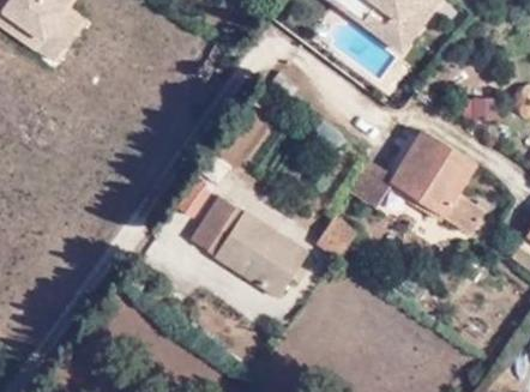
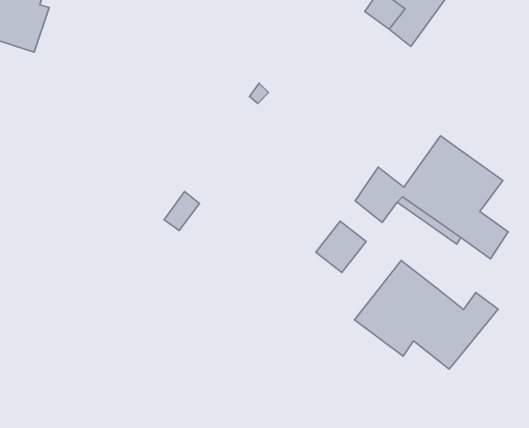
building: [189,198,311,304] -> none
building: none -> [354,260,498,369]

